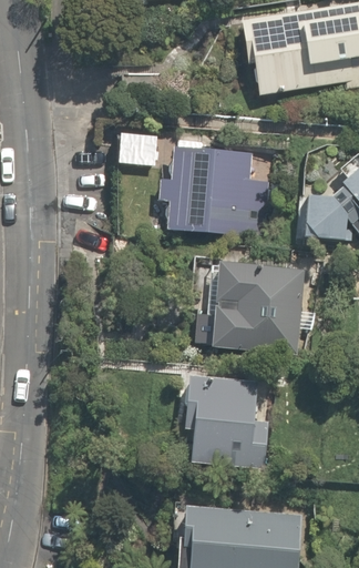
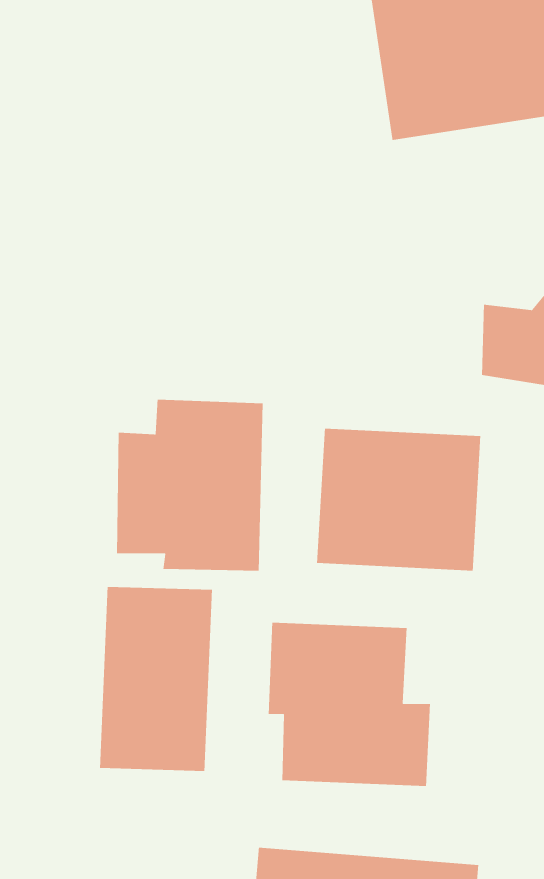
building: [172,141,256,240] -> [116,399,263,572]
building: none -> [99,586,213,772]

